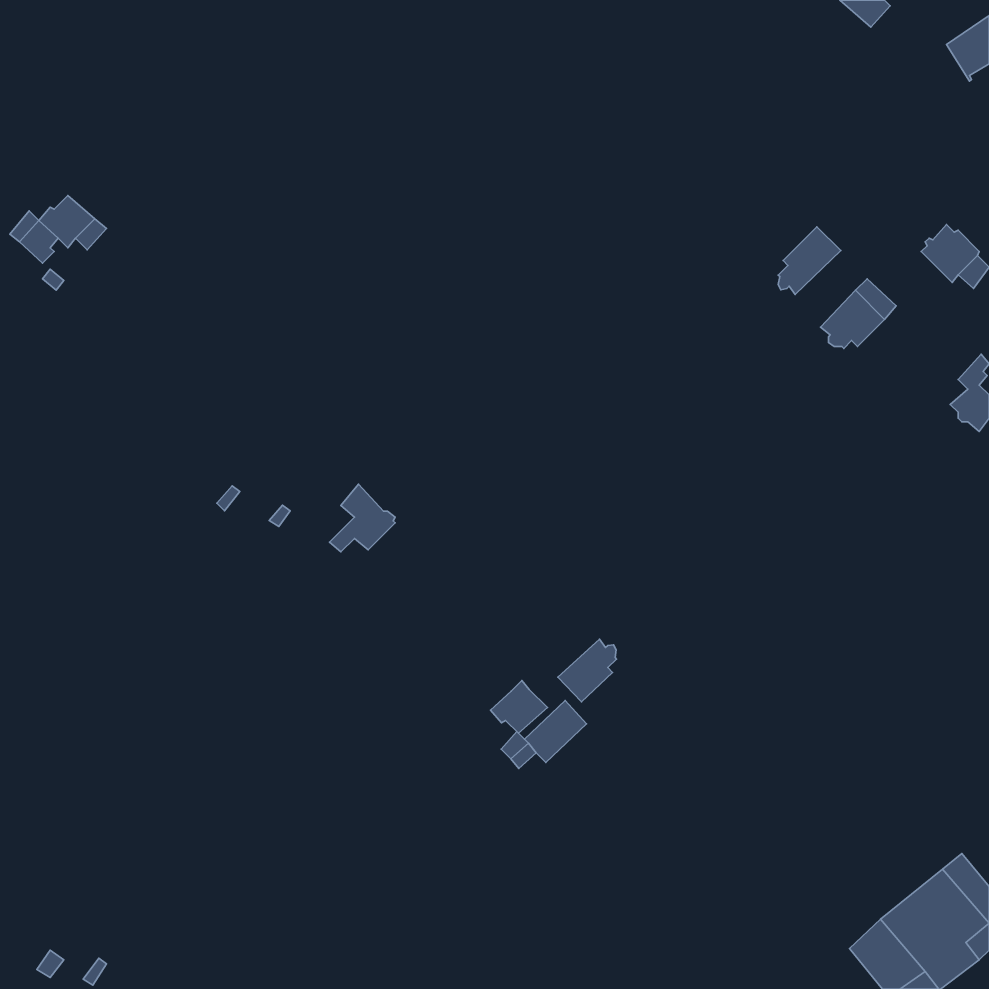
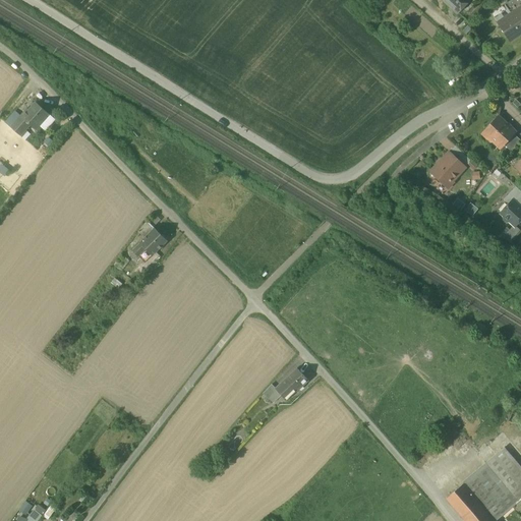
building: [778,227,841,295] -> none
building: [329,484,395,552] -> [132,221,167,256]
building: [558,639,617,702] -> none
building: [490,680,547,733] -> none

